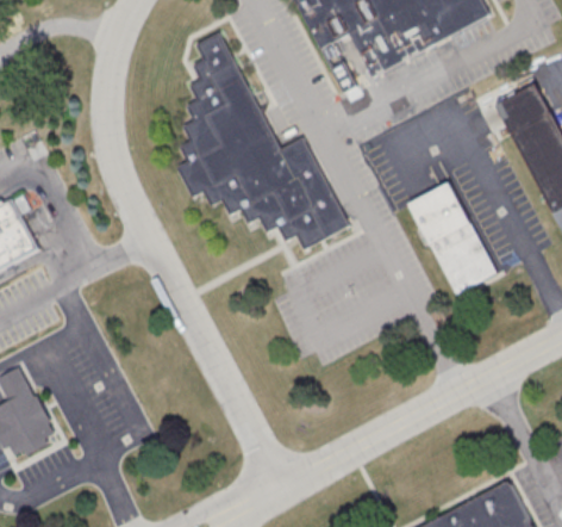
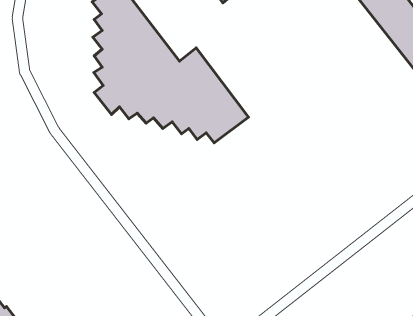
building: [408,181,497,293] -> none

